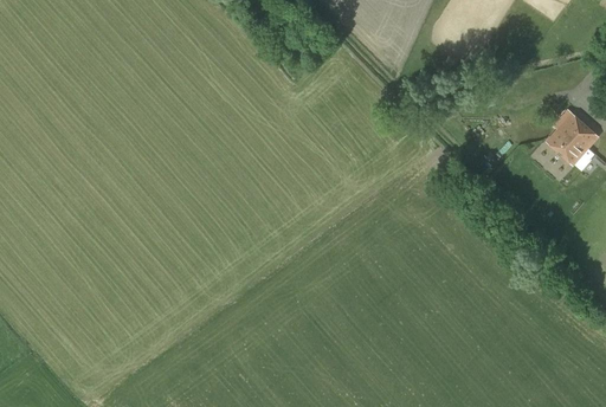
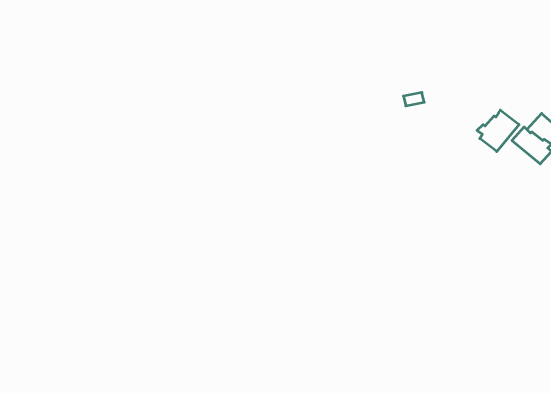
building: none -> [477,110,519,152]

